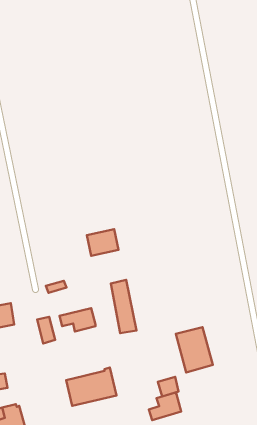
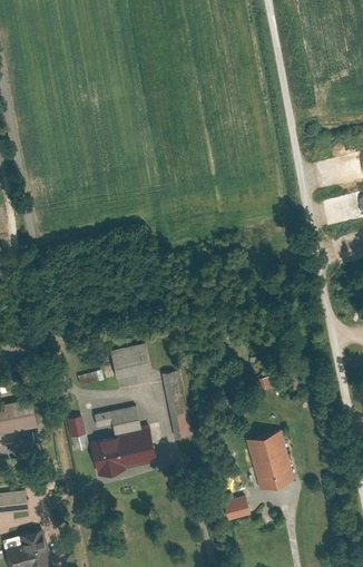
building: [87,229,119,256] -> [110,343,151,378]
building: [66,367,117,406] -> [91,424,157,475]
building: [149,393,181,420] -> none

